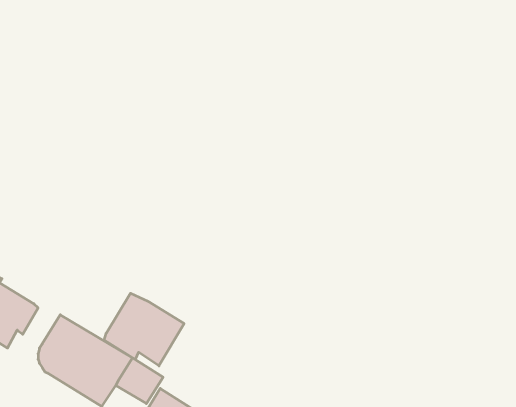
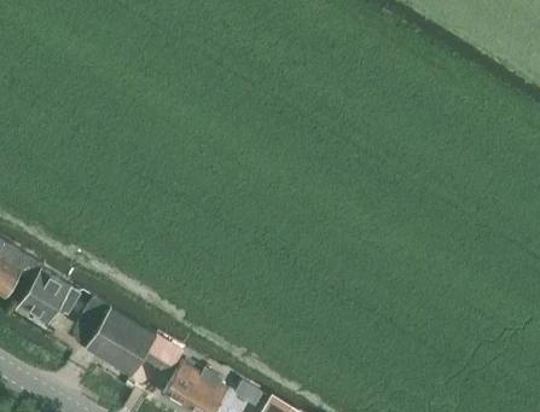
building: [104,293,184,366] -> none

